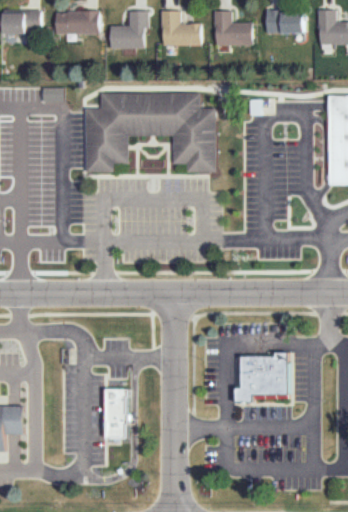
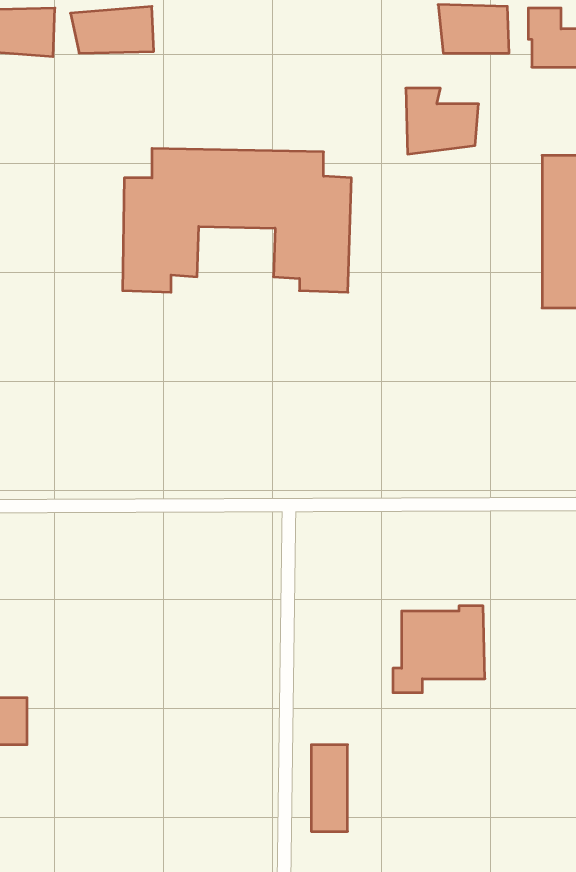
building: [162,9,203,47] -> none
building: [108,10,149,51] -> none
building: [215,10,257,48] -> [406,88,479,154]
building: [103,389,124,439] -> [311,745,348,831]

